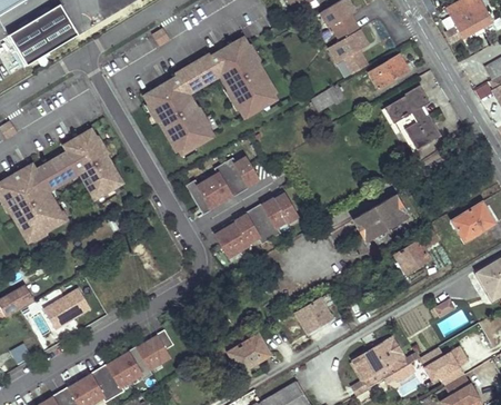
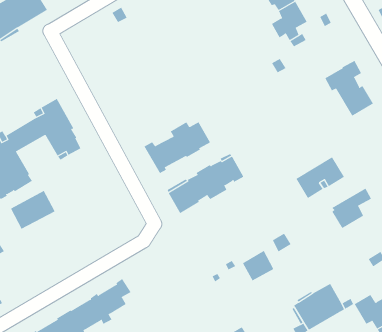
building: [143,38,274,152] -> none
building: [368,56,409,89] -> none
building: [41,286,91,329] -> [10,190,55,230]
building: [228,335,270,373] -> none

